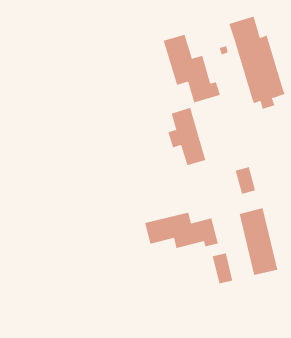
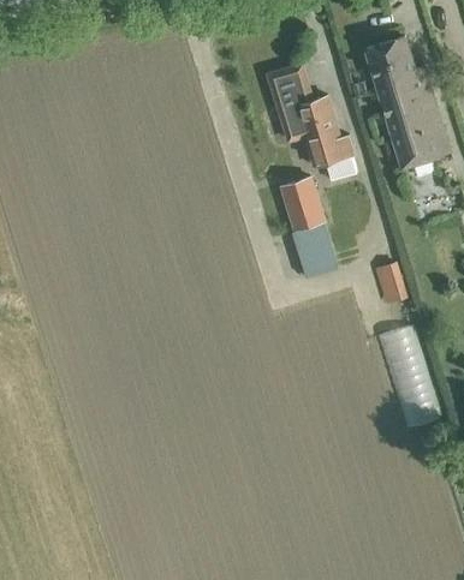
building: [144,212,218,249] -> none
building: [212,253,233,284] -> none

